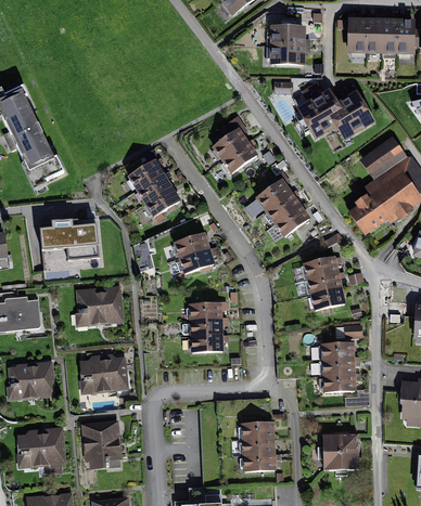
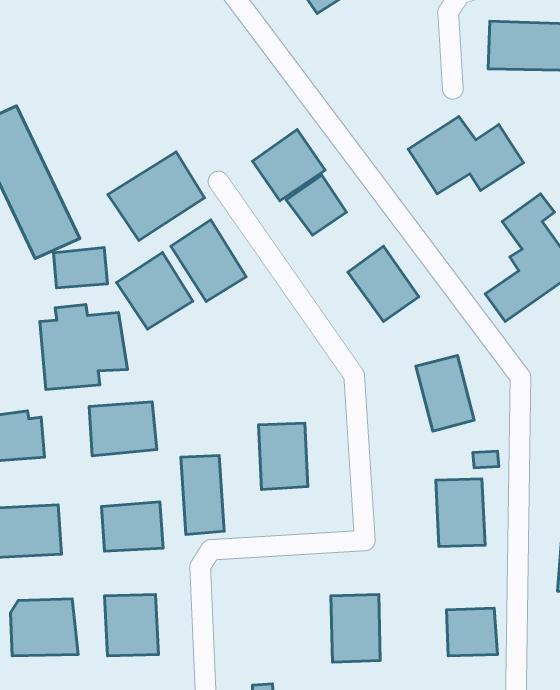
building: [269,26,307,65] -> none
building: none -> [252,130,325,201]
building: none -> [108,152,205,241]
building: none -> [53,247,107,288]
building: none -> [117,252,193,329]
building: [176,233,215,272] -> none
building: none -> [181,456,224,534]

